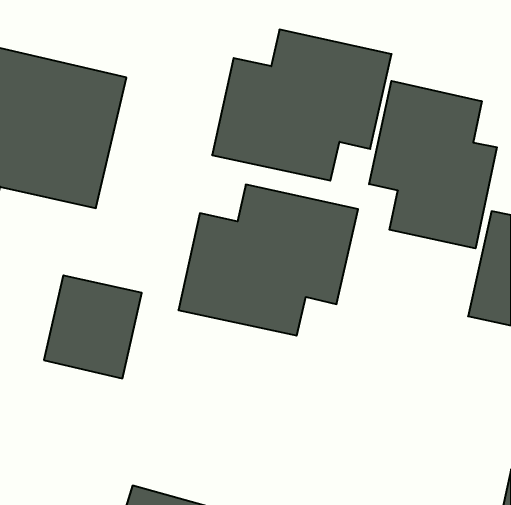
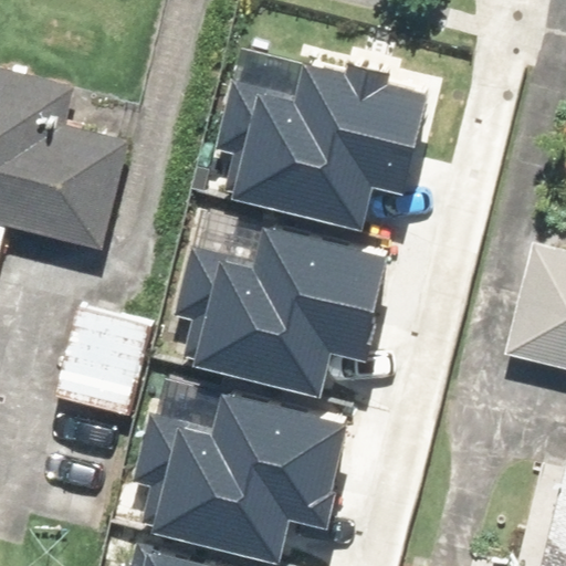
building: [369,81,497,248] -> none
building: none -> [145,386,338,551]

